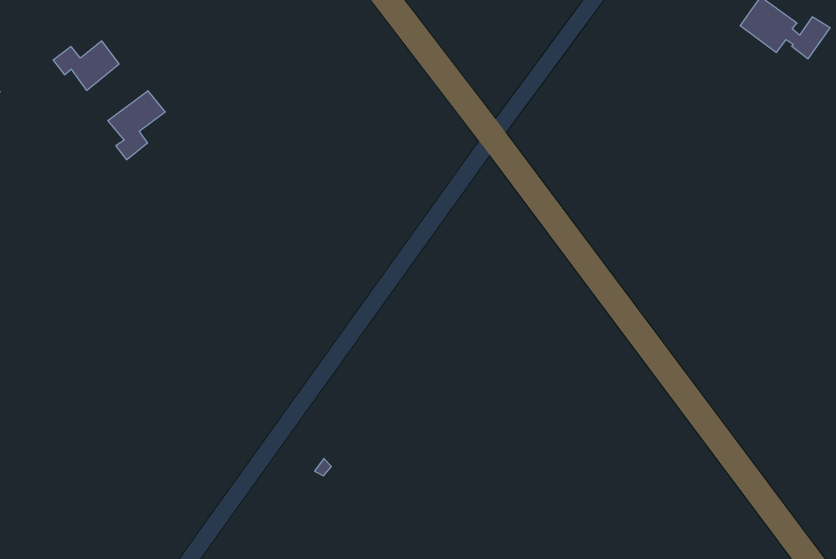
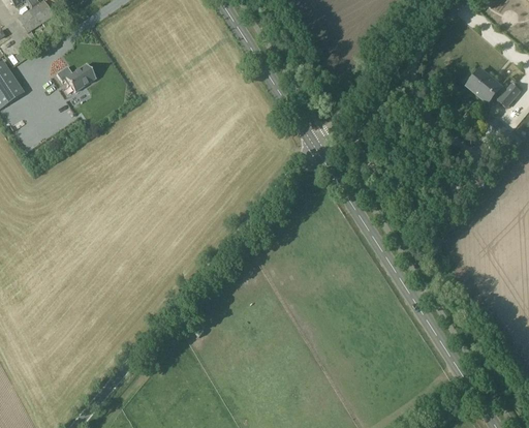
building: [108,91,165,160] -> none

